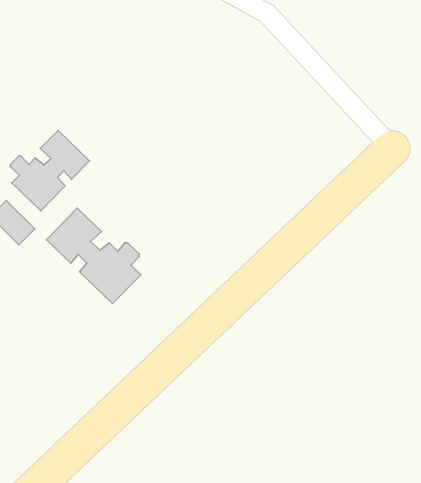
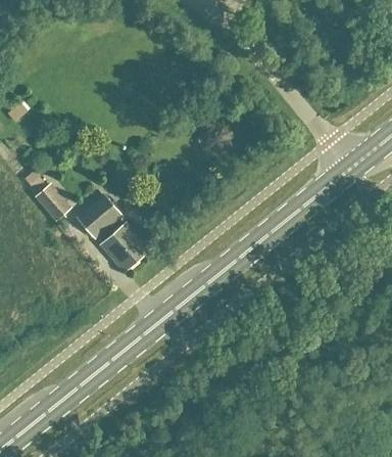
building: [10,130,89,211] -> none

